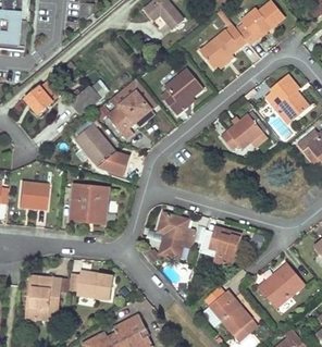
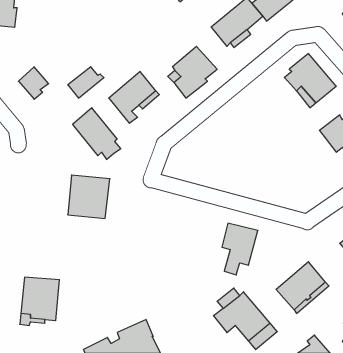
building: [221,110,268,149] -> none
building: [20,182,48,209] -> none
building: [156,211,195,259] -> none
building: [77,271,114,299] -> none

